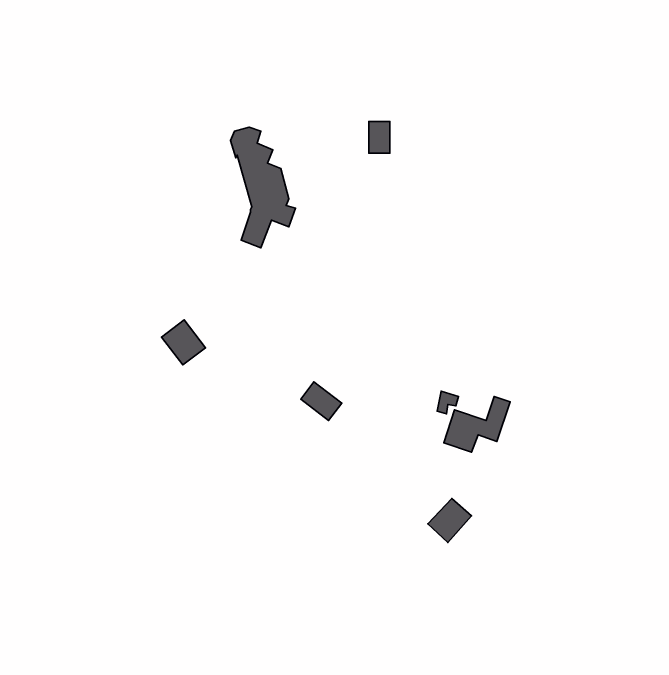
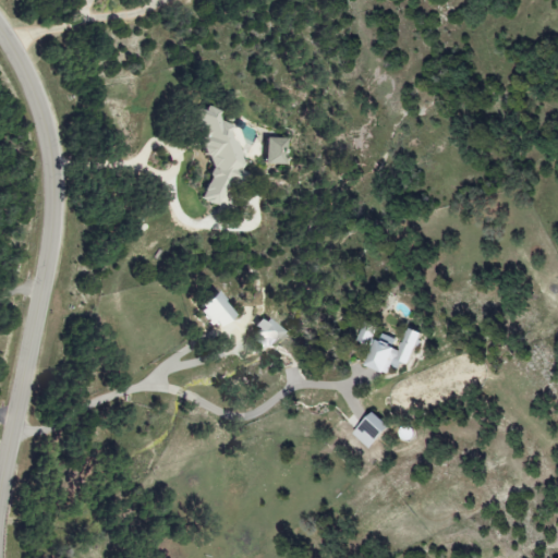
building: [369,121,390,153] -> [267,136,284,162]
building: [162,320,205,365] -> [198,289,234,326]

